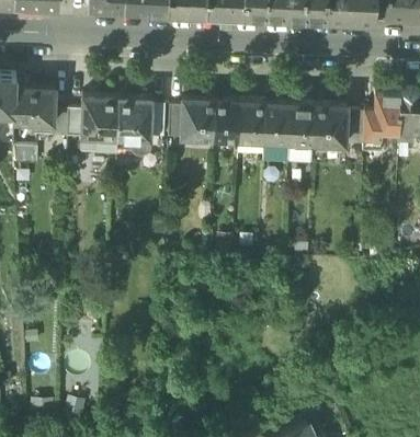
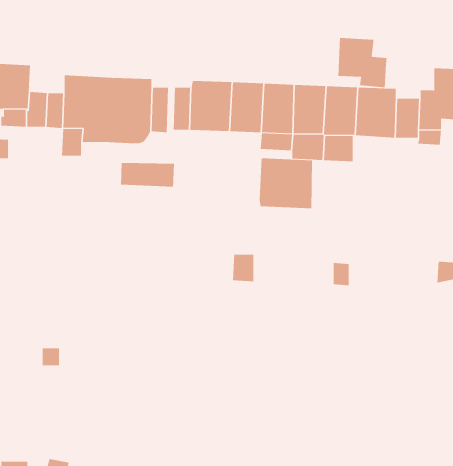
building: none -> [338,37,387,88]
building: none -> [259,158,313,209]
building: none -> [120,162,174,187]

